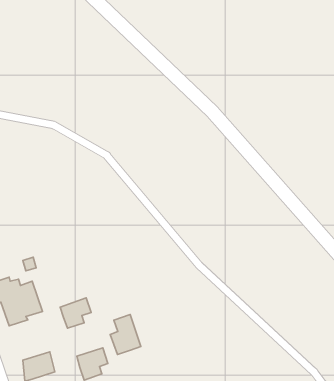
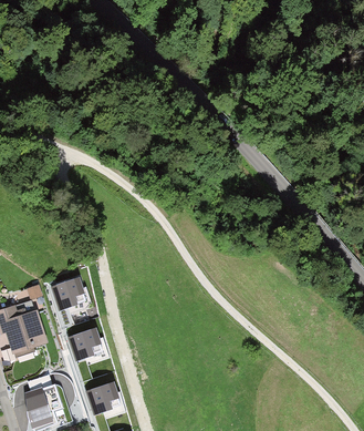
building: none -> [52,278,85,311]
building: [110,315,141,355] -> none

